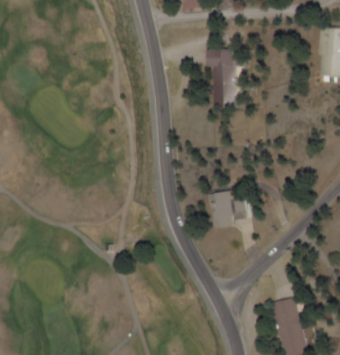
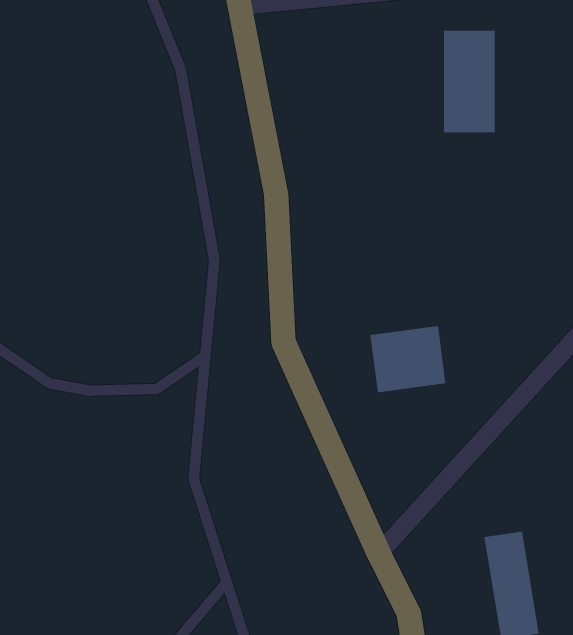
building: [213,48,241,103] -> [443,30,495,133]

